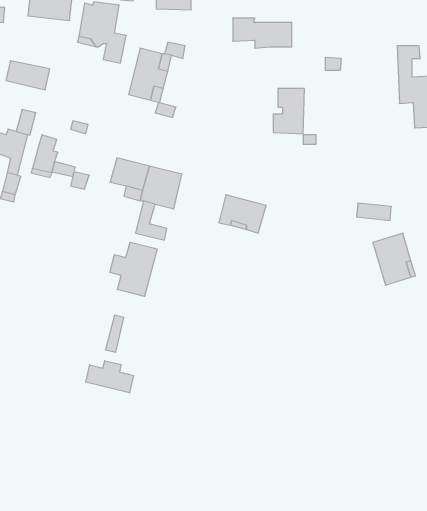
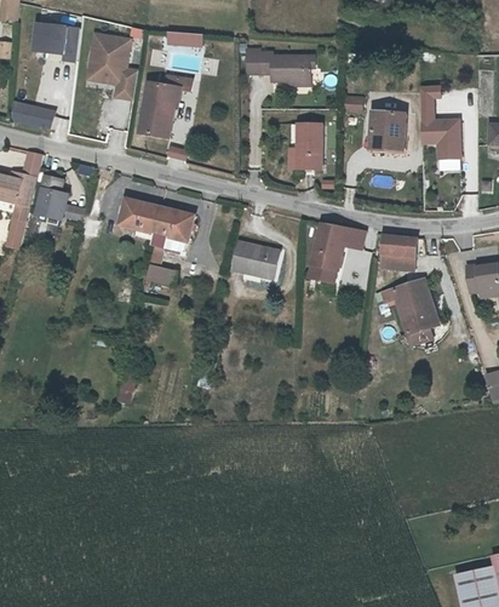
building: none -> [373,109,407,150]
building: none -> [309,223,361,281]
building: none -> [378,230,415,252]
building: [110,242,157,296] -> none
building: [86,361,134,393] -> none

